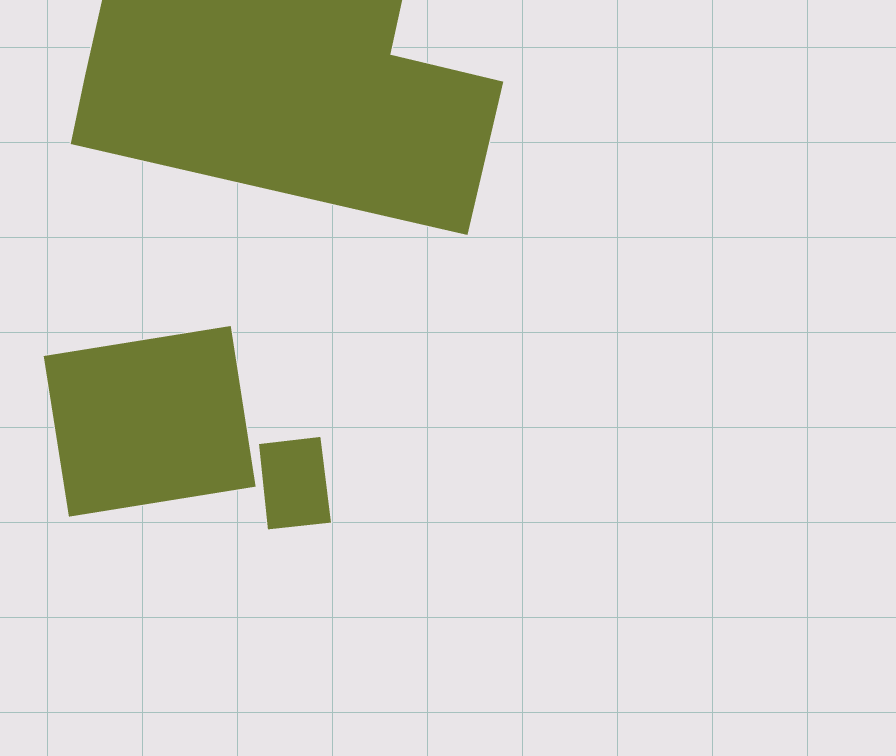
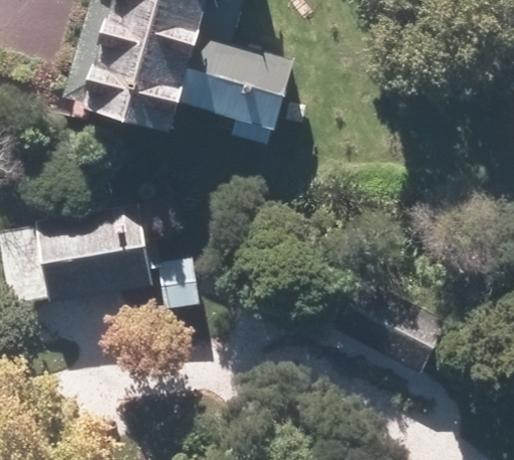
building: none -> [331,278,445,373]

